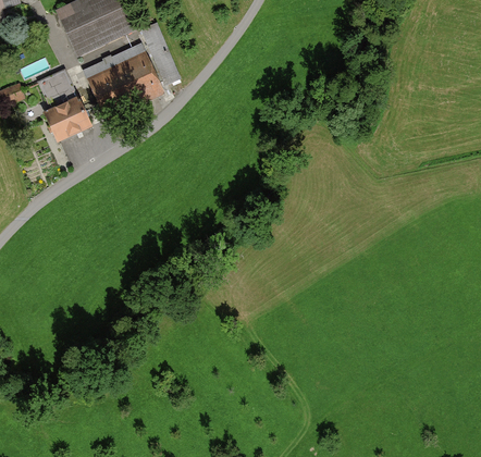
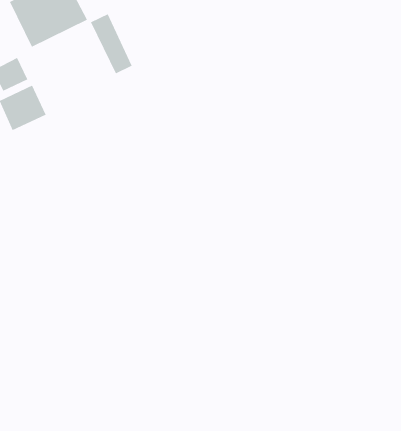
building: [84,44,158,109] -> none

